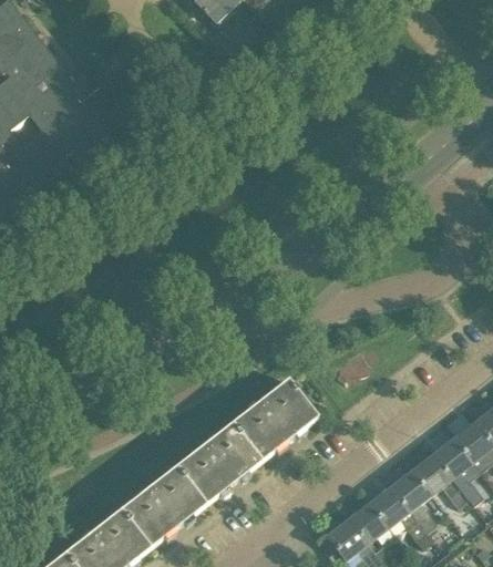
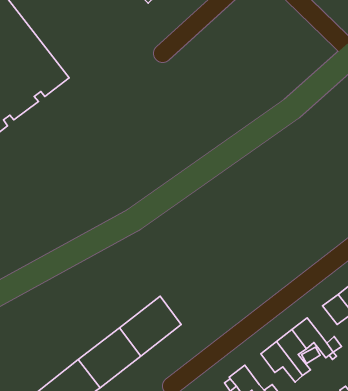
building: [230,380,316,462] -> none
building: [431,436,472,478] -> none
building: [346,502,387,544] -> none

